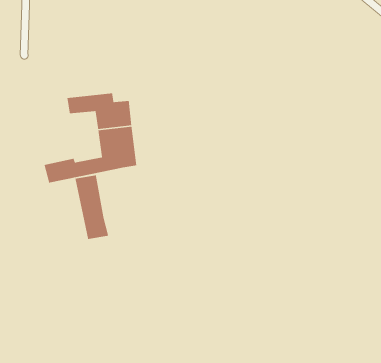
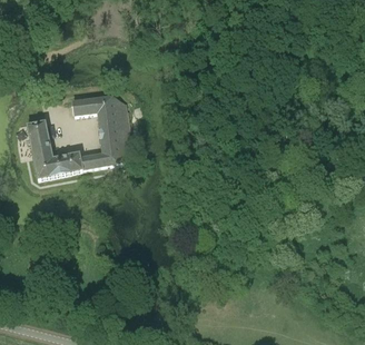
building: [75,174,109,240] -> [27,122,57,179]

